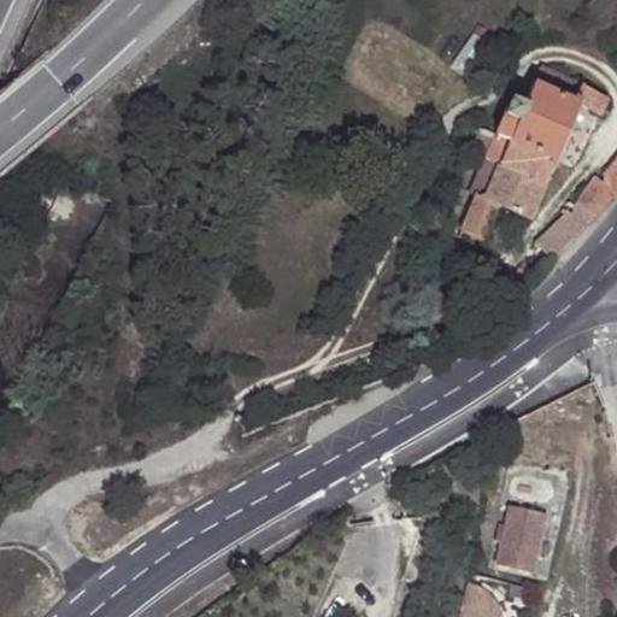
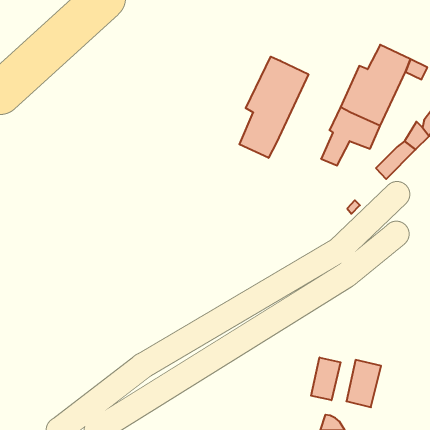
building: none -> [239,57,308,158]
building: none -> [311,357,341,400]

